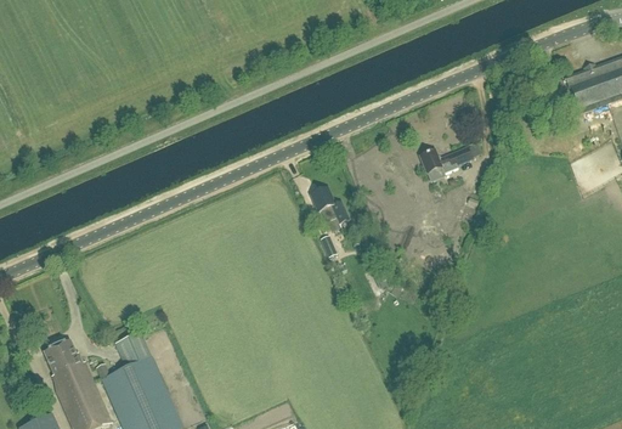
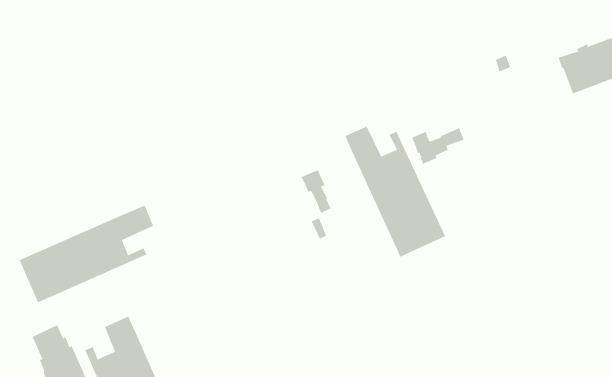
building: none -> [344,126,446,258]
building: none -> [19,205,154,303]

